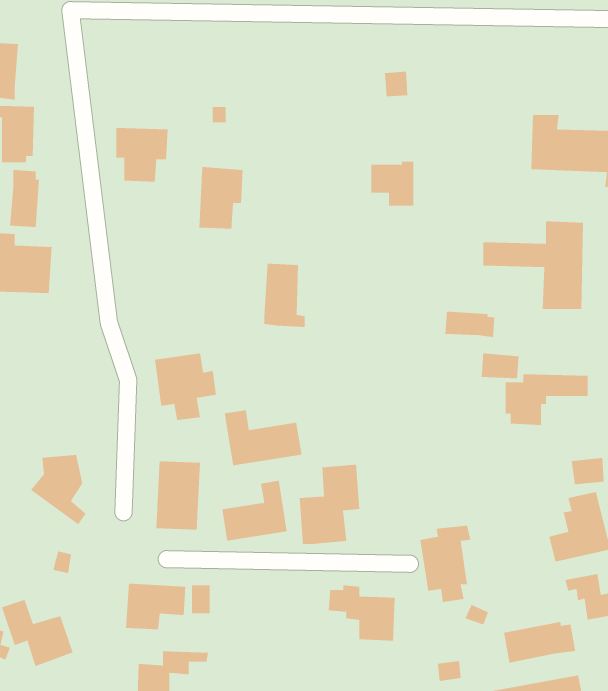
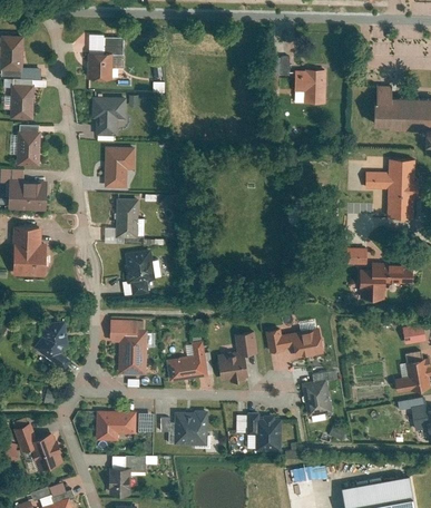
building: none -> [85,39,127,79]
building: [371,161,414,206] -> [296,69,326,100]
building: [198,167,243,229] -> [104,143,135,186]
building: [264,263,305,327] -> [115,201,144,245]
building: [445,311,495,338] -> none
building: none -> [14,226,50,275]
building: [224,410,302,466] -> none
building: none -> [267,330,326,361]
building: none -> [158,411,209,447]
building: [503,621,576,664] -> none

